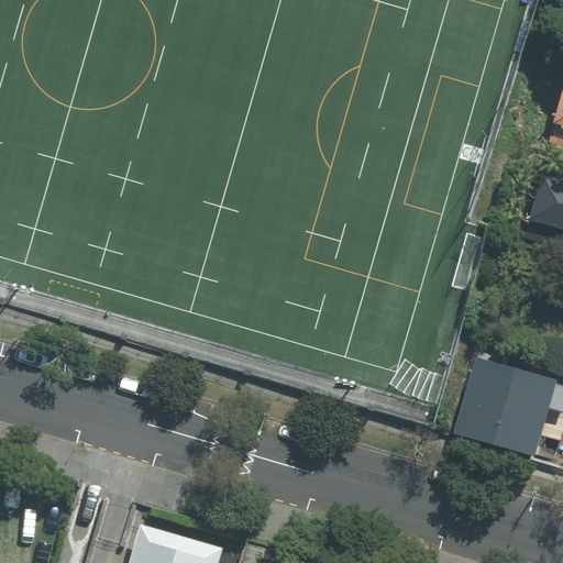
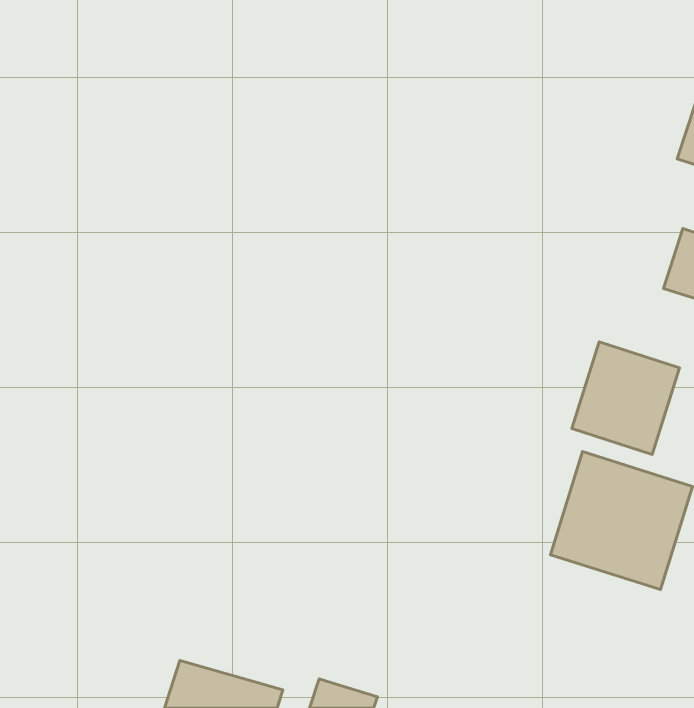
building: none -> [572,342,679,454]

